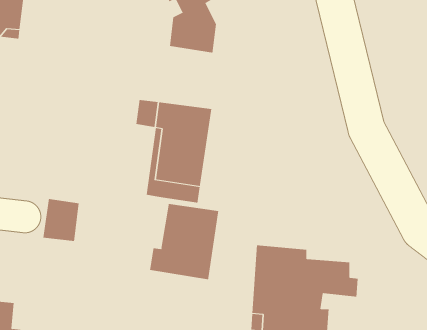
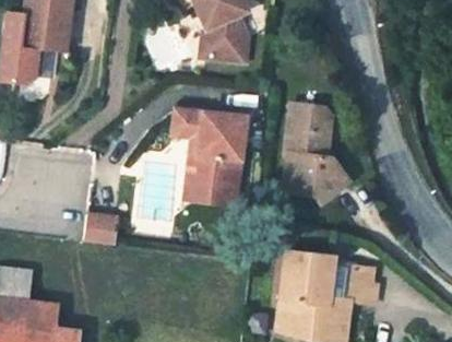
building: none -> [287,99,357,207]
building: [149,203,219,280] -> none

